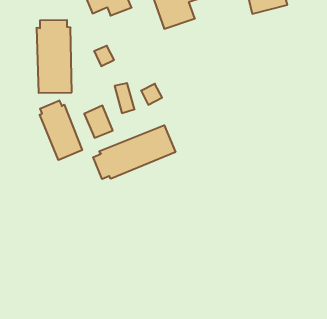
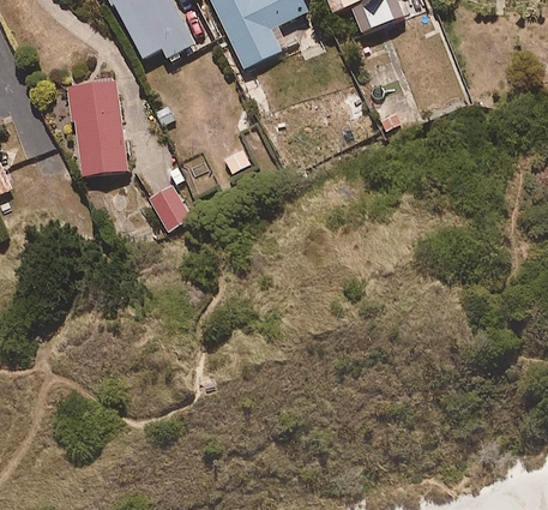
building: [40,100,82,160] -> none
building: [93,125,175,179] -> none

